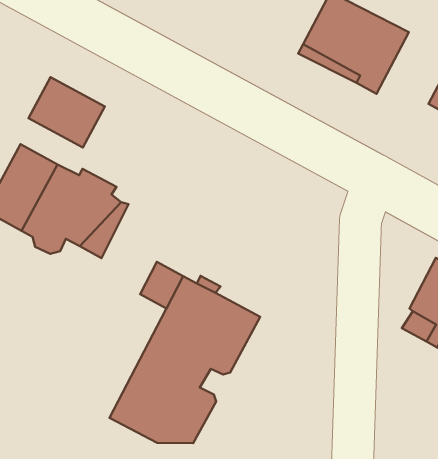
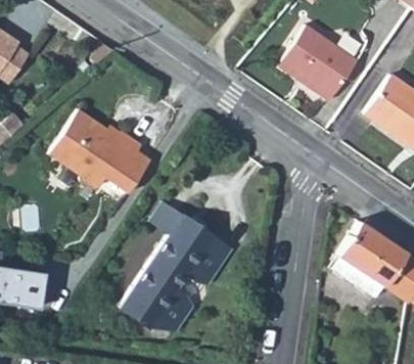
building: [29,77,105,148] -> none

